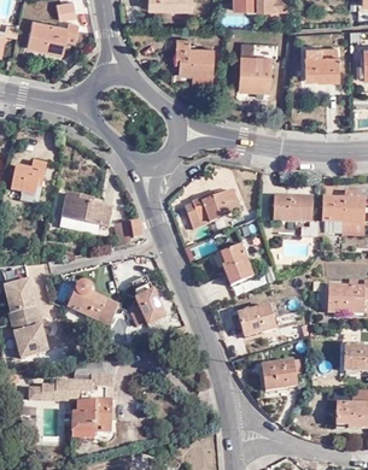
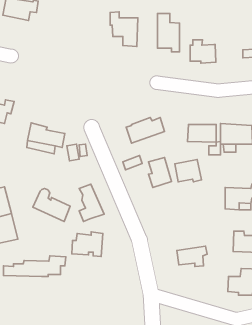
building: [304,45,339,76] -> [190,40,216,63]
building: [243,300,279,330] -> [175,160,201,182]
building: [72,404,115,437] -> [72,232,103,257]

